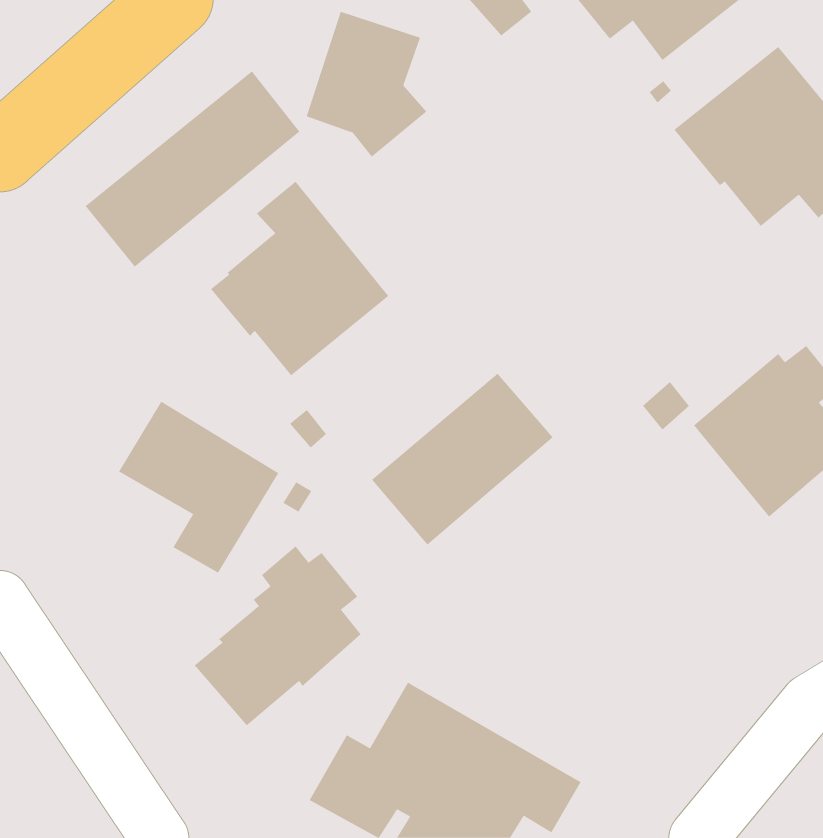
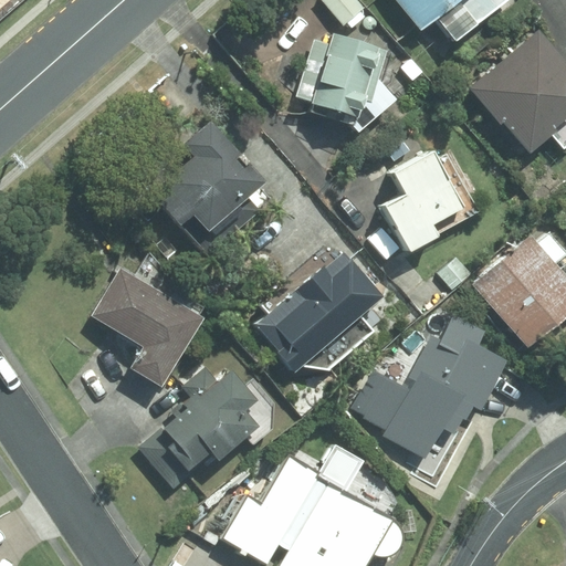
building: [306,11,427,157] -> [315,33,397,132]
building: [85,70,300,267] -> none
building: none -> [384,153,462,252]
building: none -> [354,314,504,458]

